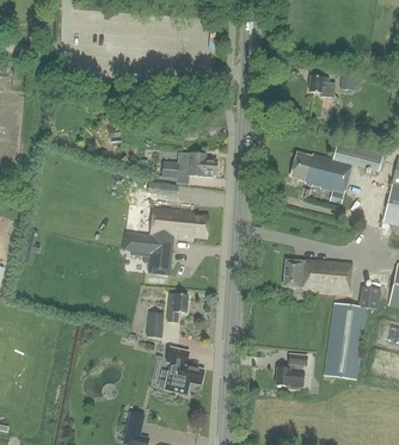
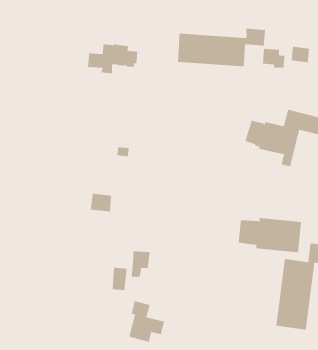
building: none -> [178,28,266,67]
building: [160,150,215,183] -> [87,44,138,74]
building: [147,204,208,273] -> none
building: [275,353,306,389] -> none

